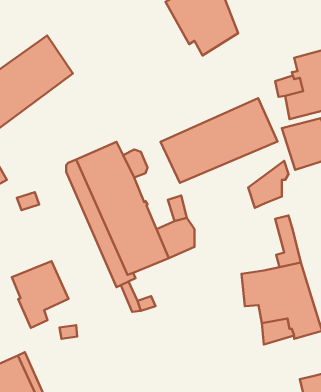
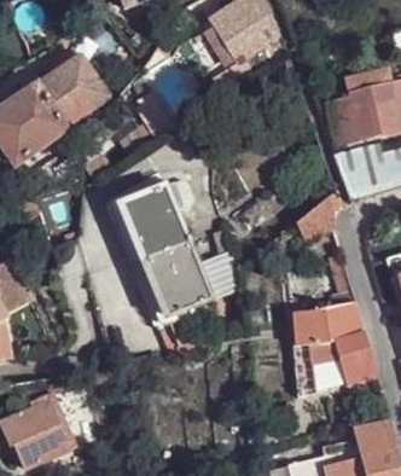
building: [161,98,277,183] -> none
building: [12,261,68,328] -> none

